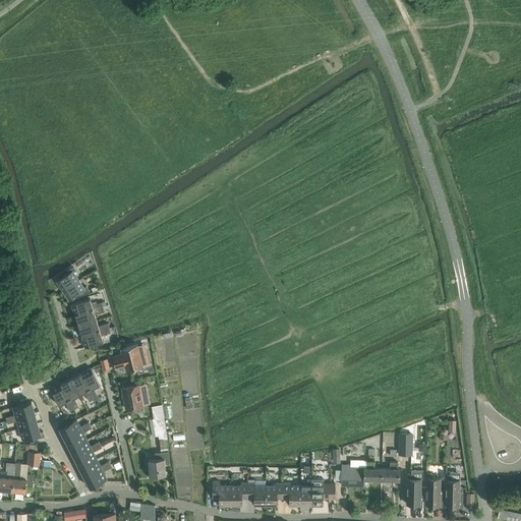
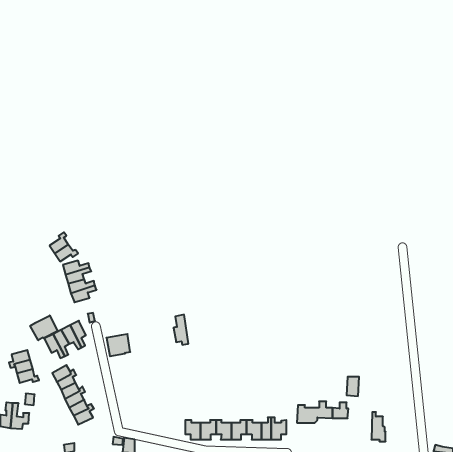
building: [113,345,143,371] -> none
building: none -> [30,315,58,340]
building: [150,406,167,441] -> [173,315,188,345]
building: [149,453,169,477] -> none
building: [407,474,422,508] -> none
building: [446,475,463,509] -> none

